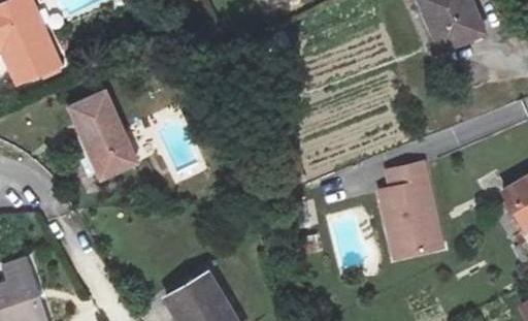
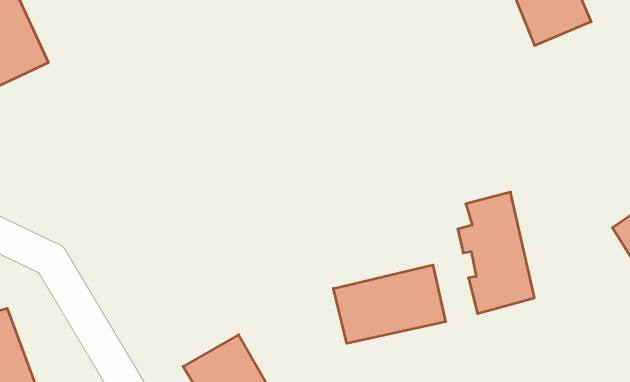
building: [69,92,137,178] -> none
building: none -> [333,265,446,343]

